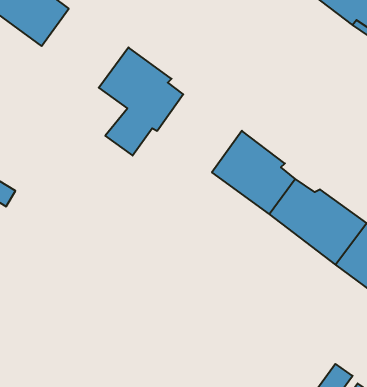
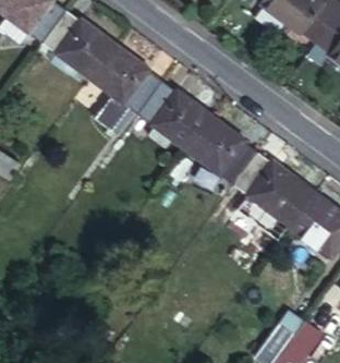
building: none -> [41,12,114,78]
building: none -> [138,84,209,150]

